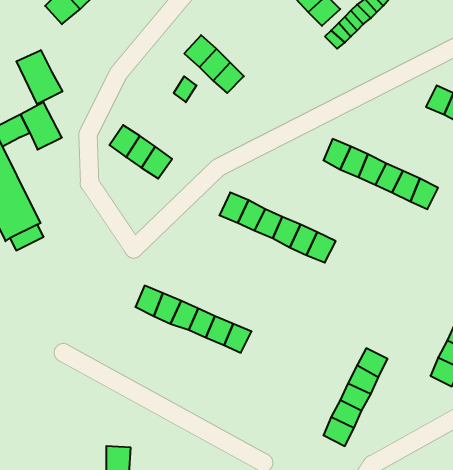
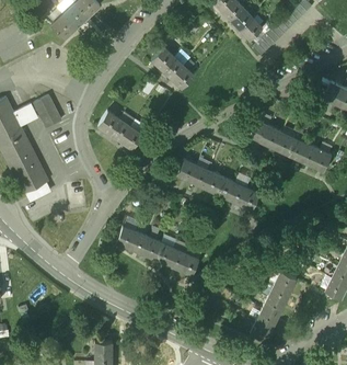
building: [16,50,62,104] -> none

